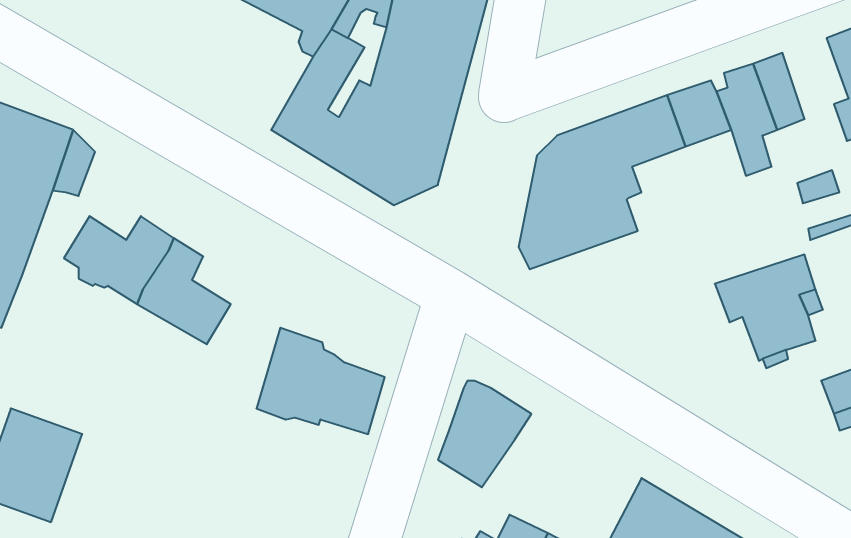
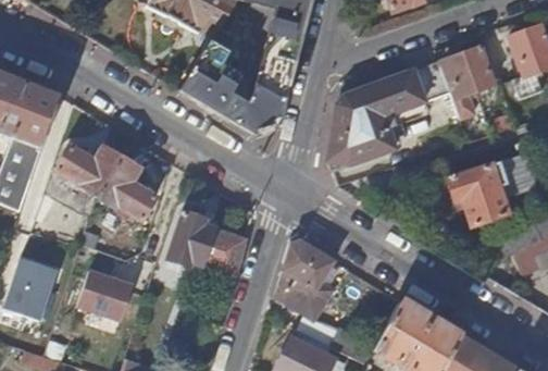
building: none -> [77,268,134,319]
building: none -> [274,274,338,319]

